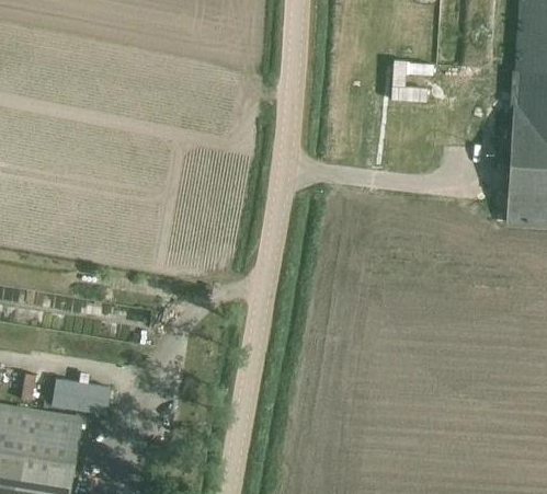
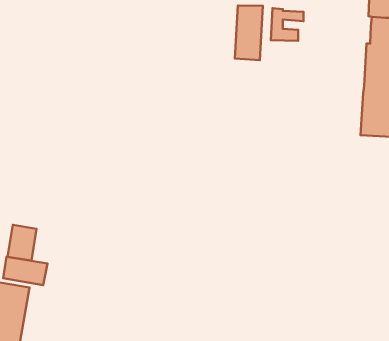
building: none -> [235,6,263,60]
building: none -> [7,225,37,260]

